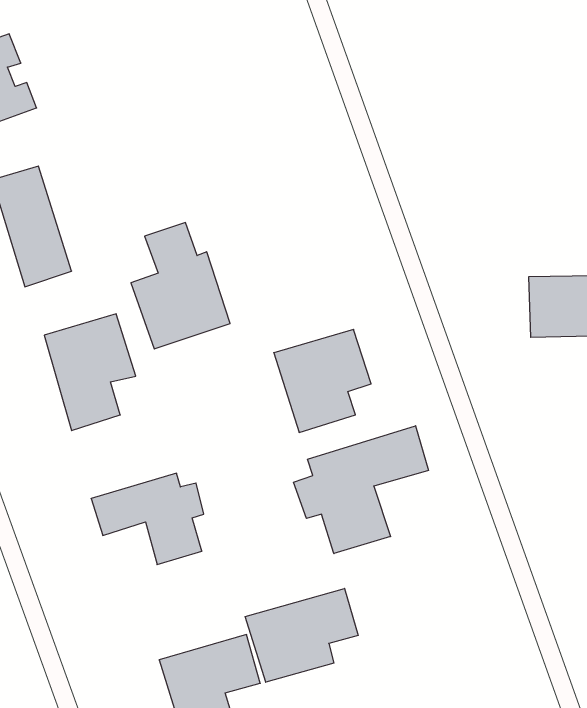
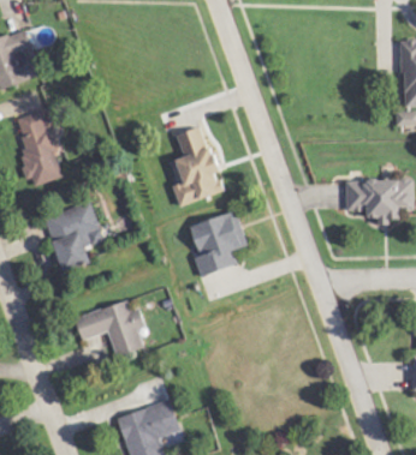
building: [131,223,230,349] -> [167,126,228,204]
building: [294,426,428,554] -> none
building: [245,588,358,682] -> none

